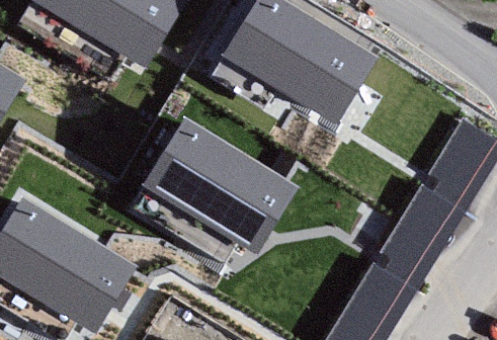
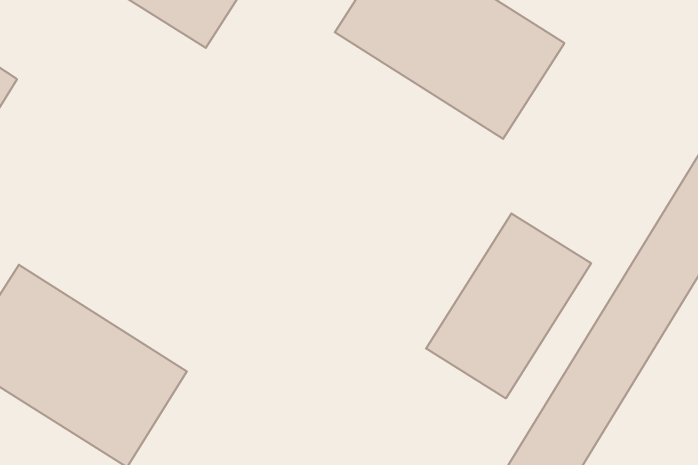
building: [149,119,297,250] -> none
building: none -> [426,213,591,398]

